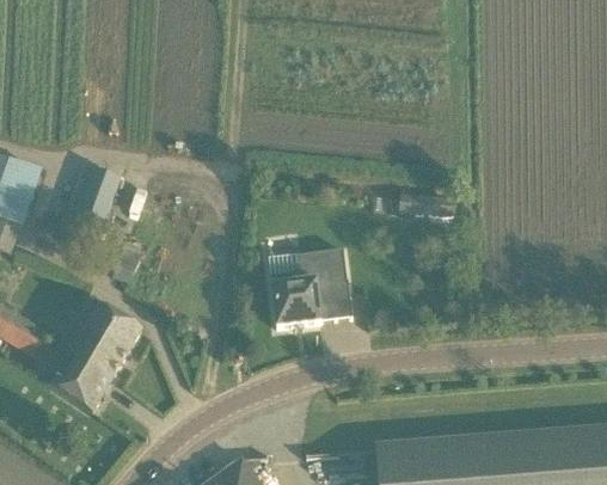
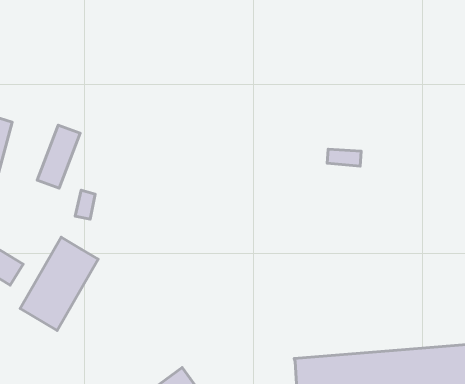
building: [269,250,351,327] -> none

